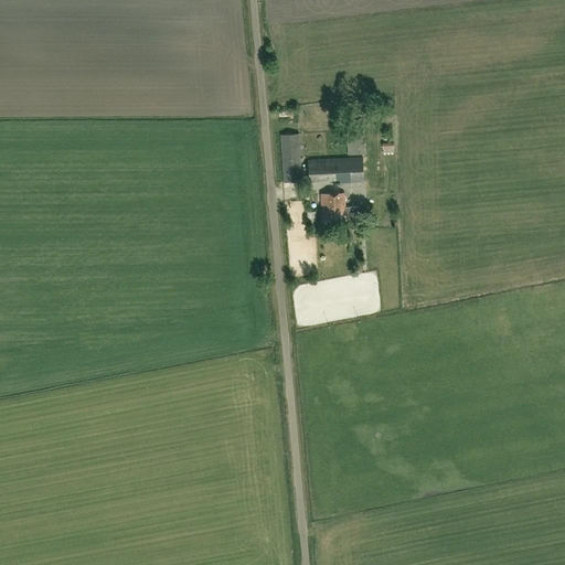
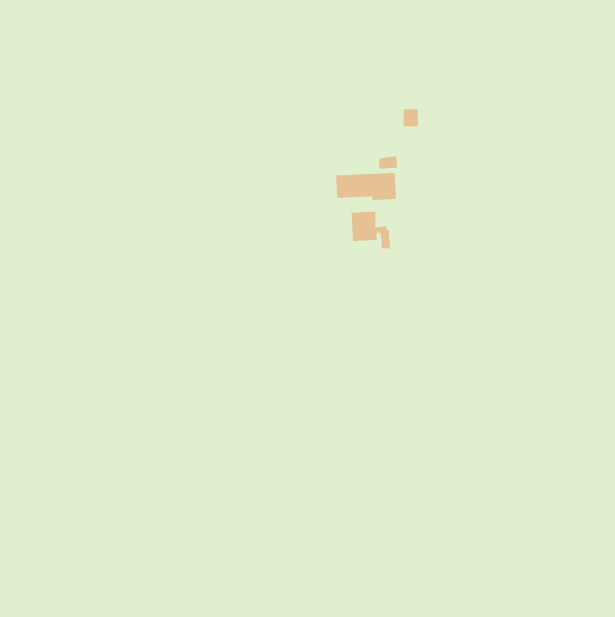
building: [280,134,300,182] -> none

